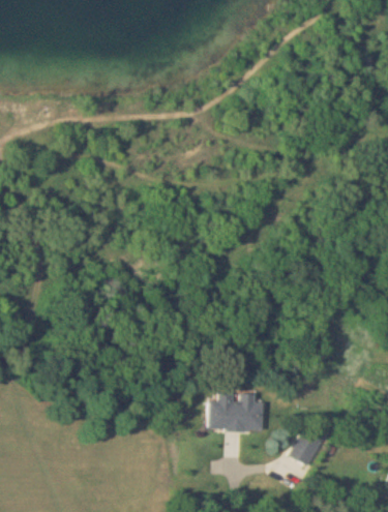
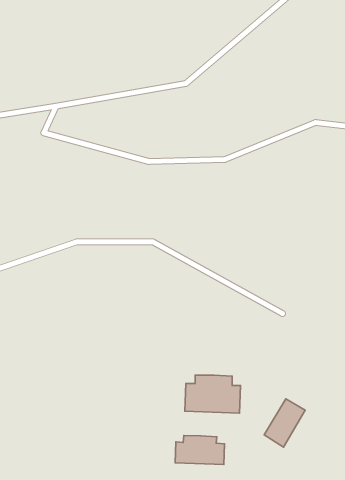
building: none -> [175,435,225,465]

